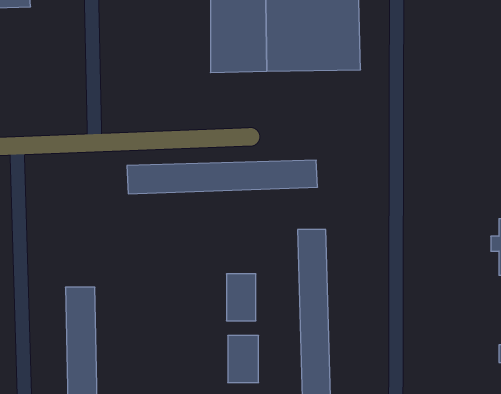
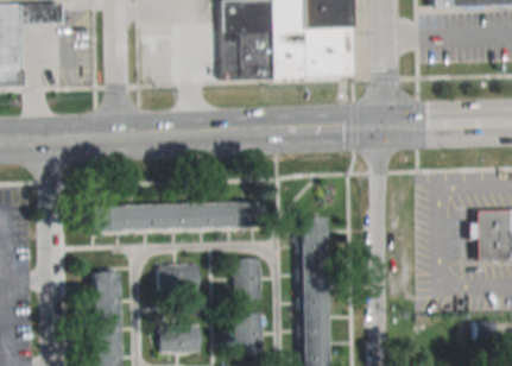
building: [127,160,318,194] -> [93,202,261,232]
building: none -> [159,263,200,290]
building: none -> [162,324,201,352]

